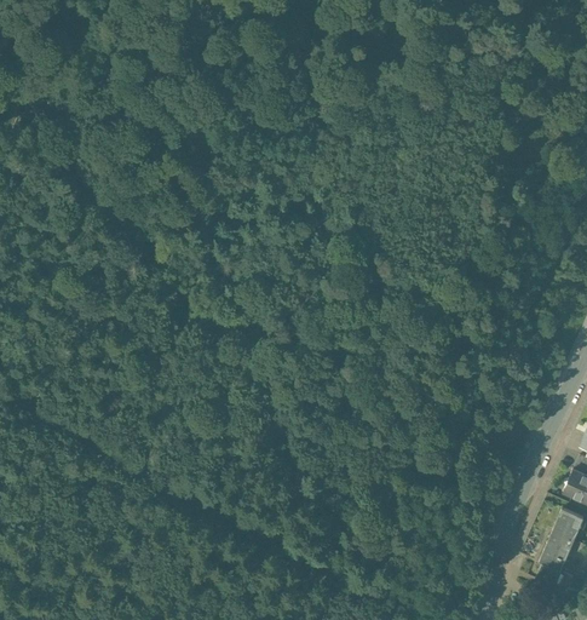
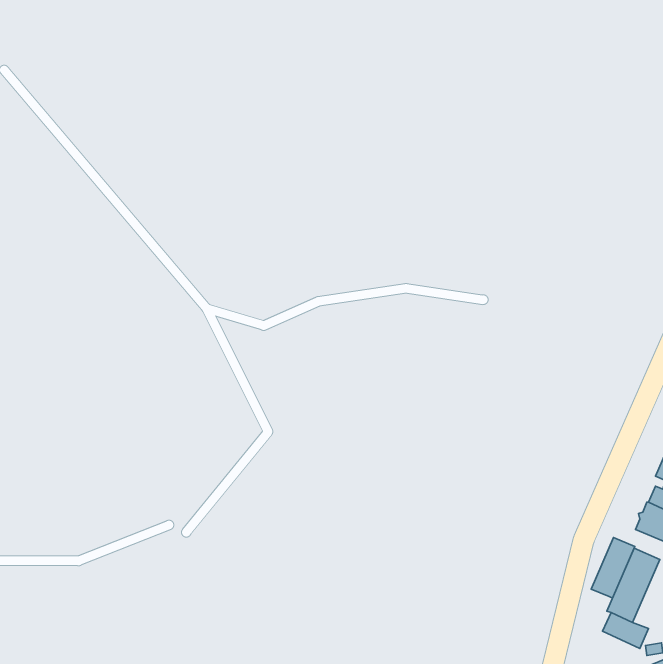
building: none -> [591,537,635,598]

